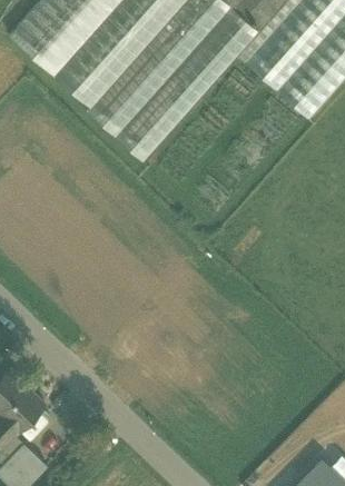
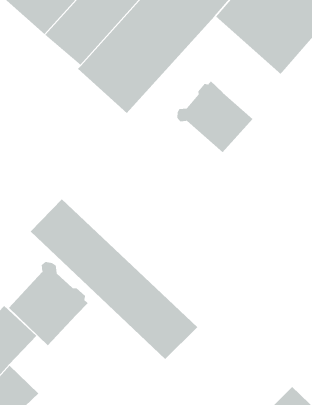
building: none -> [177,81,254,153]
building: none -> [30,199,198,360]
building: none -> [8,261,89,346]

